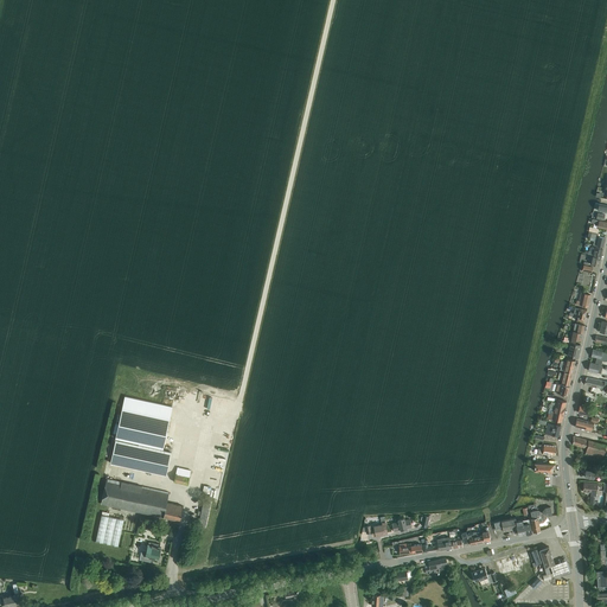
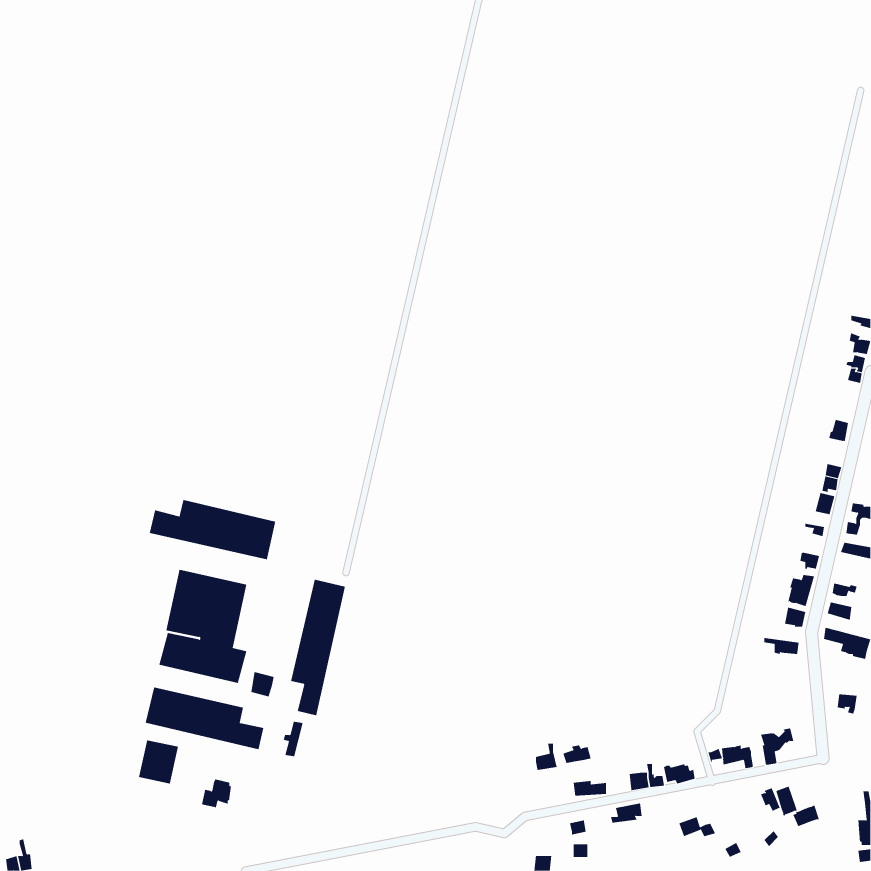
building: none -> [149,499,276,560]
building: none -> [290,579,346,716]

